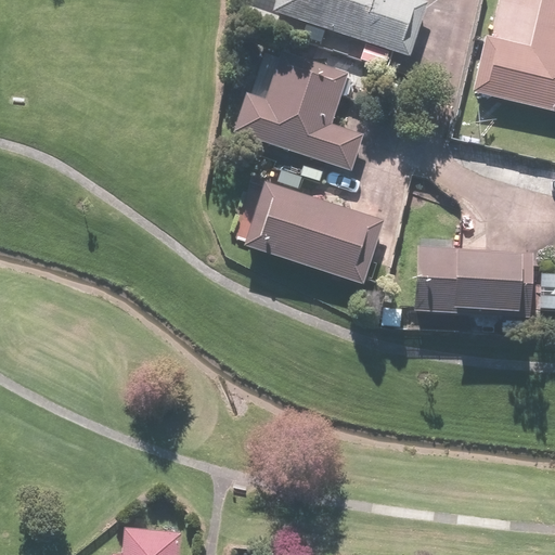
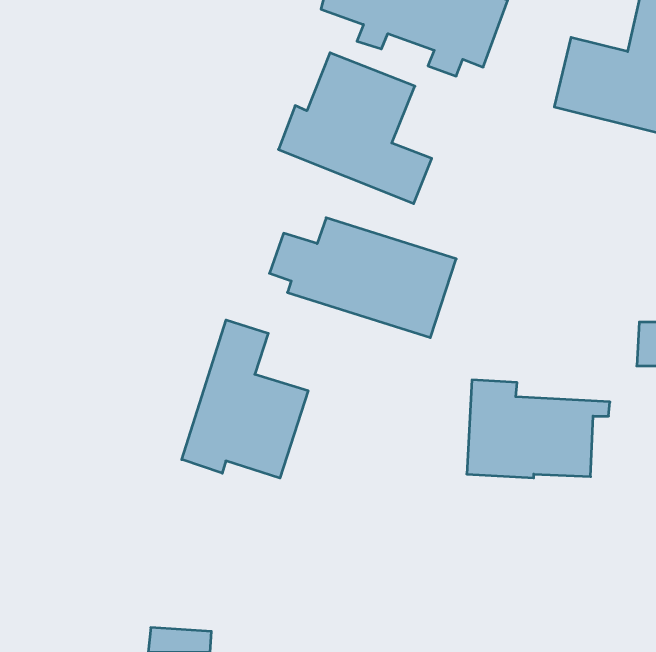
building: [414,232,534,314] -> [467,380,610,478]
building: none -> [182,320,308,478]

